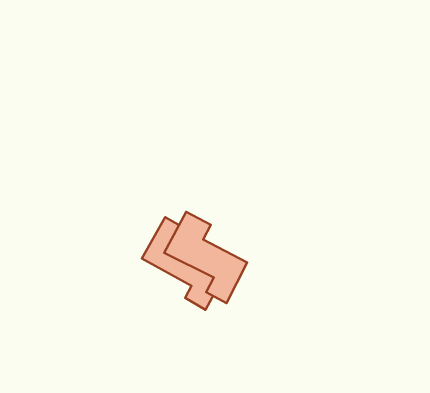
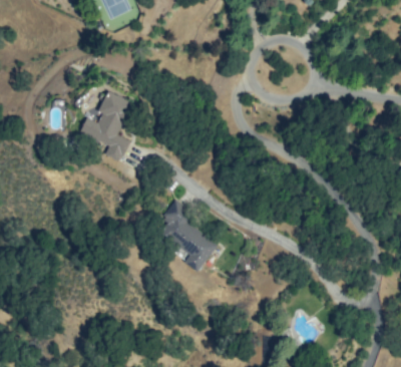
building: none -> [84,88,133,159]

